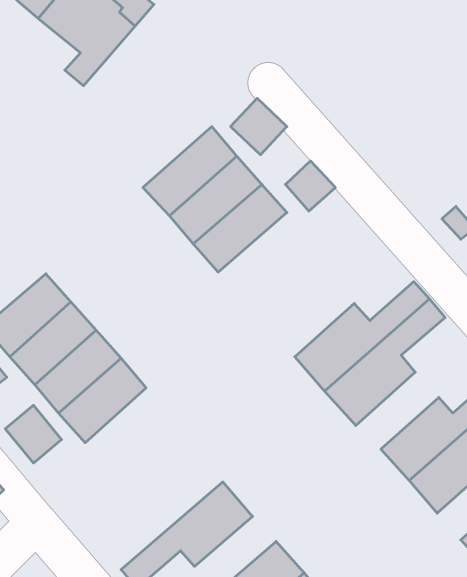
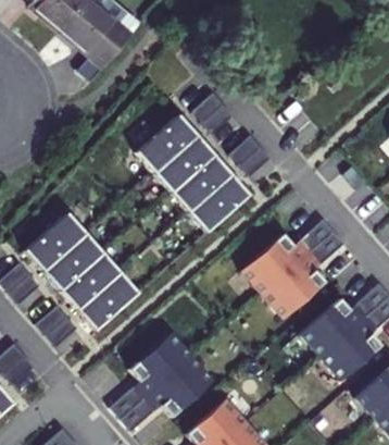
building: none -> [187,171,252,233]
building: none -> [110,335,190,419]

